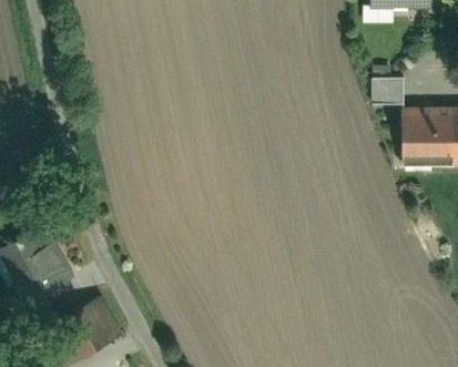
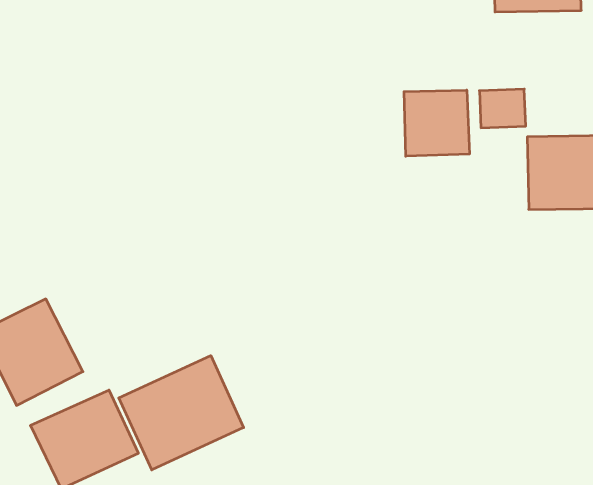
building: none -> [404,90,469,156]
building: none -> [119,356,244,470]

